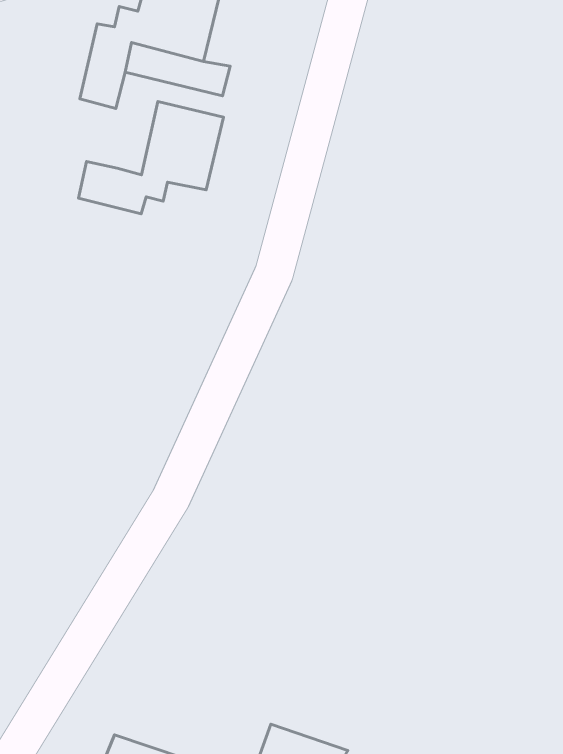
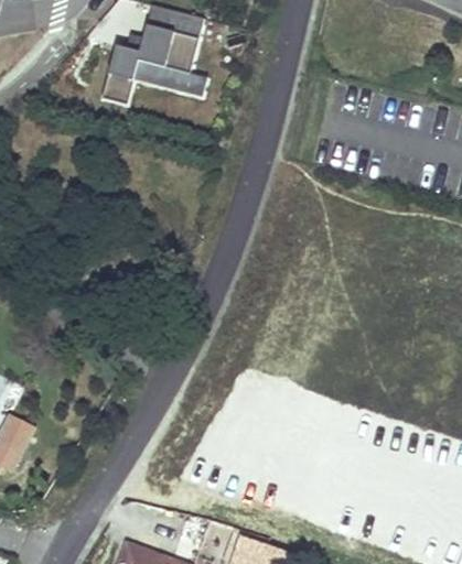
building: [78,102,223,214] -> none

